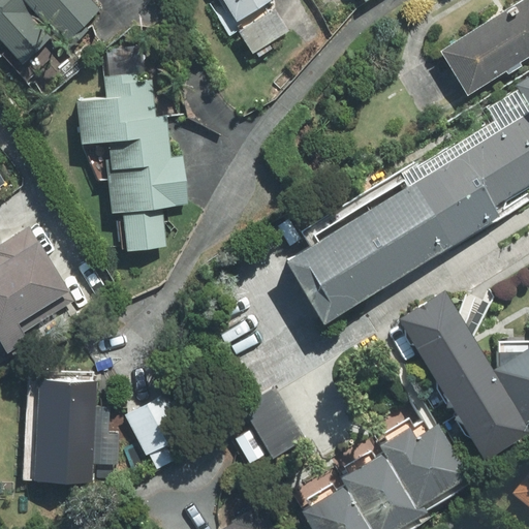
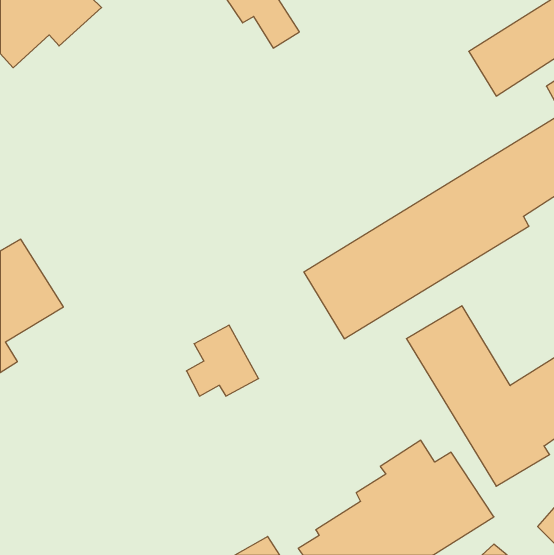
building: [74,75,185,252] -> none
building: [31,369,184,484] -> none
building: [236,391,304,458] -> [186,325,259,396]

